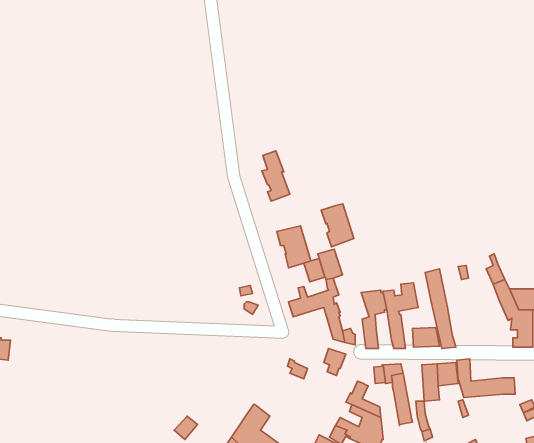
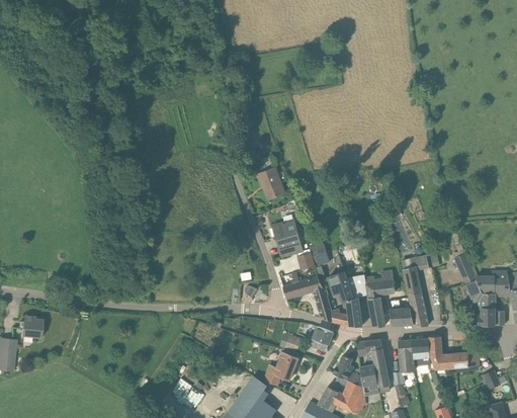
building: [321,204,354,247] -> none
building: none -> [328,270,353,302]
building: none -> [264,351,297,385]
building: none -> [360,364,379,396]

